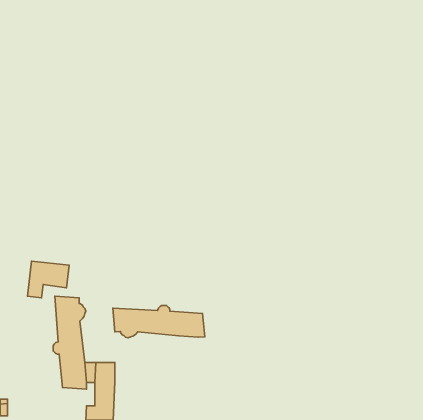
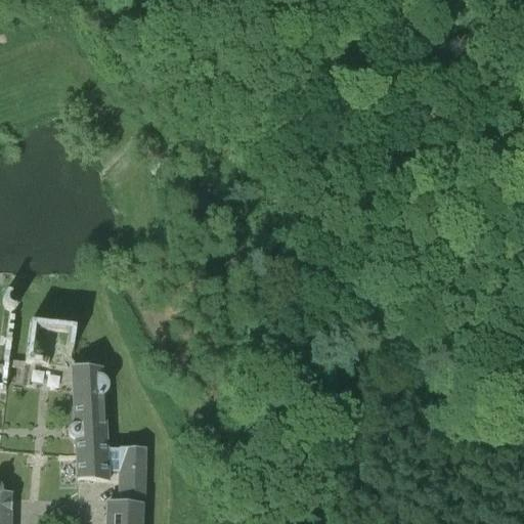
building: [113,305,205,338] -> none

